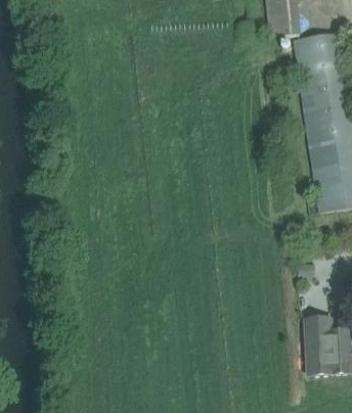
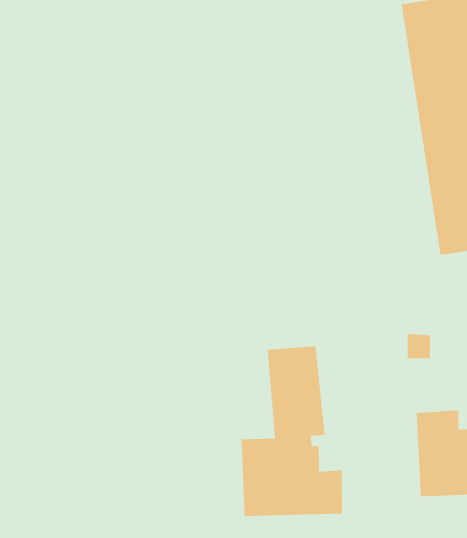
building: none -> [241,346,342,517]

